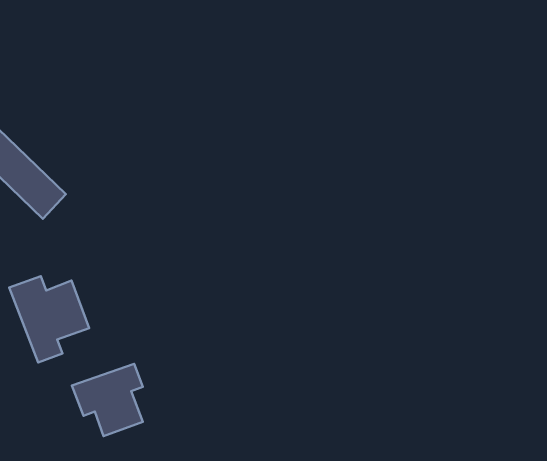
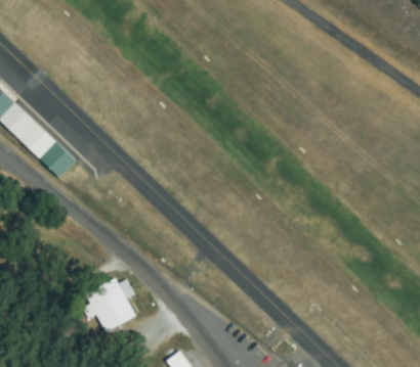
building: [9,276,89,362] -> none

